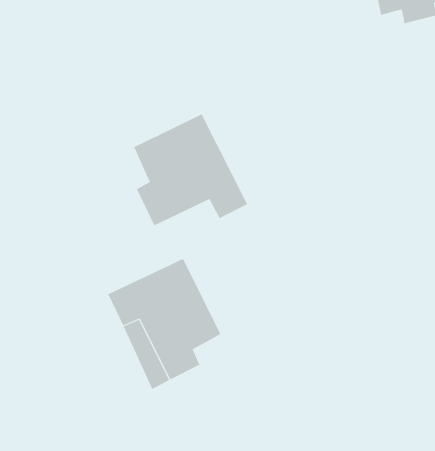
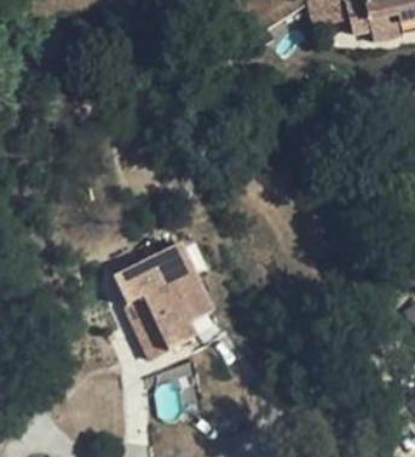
building: [134,113,248,226] -> none

